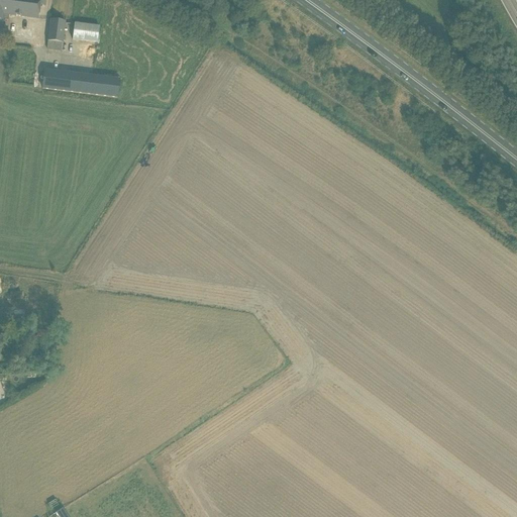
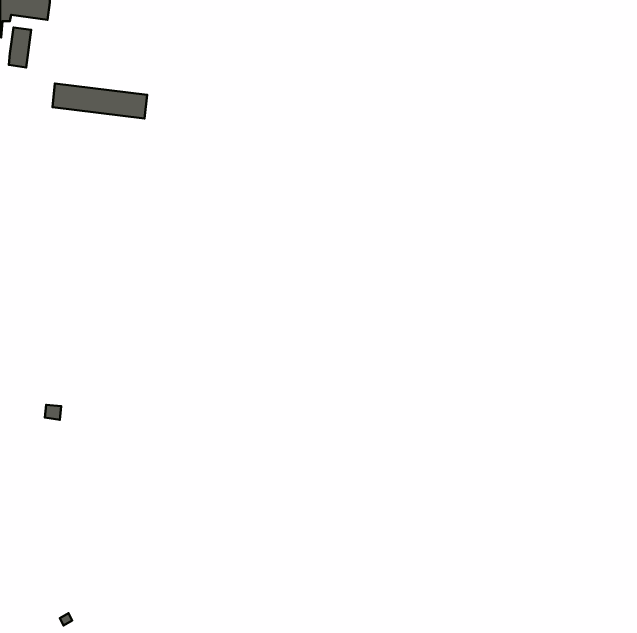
building: [47,17,66,49] -> [9,27,31,67]
building: [73,21,99,40] -> none

